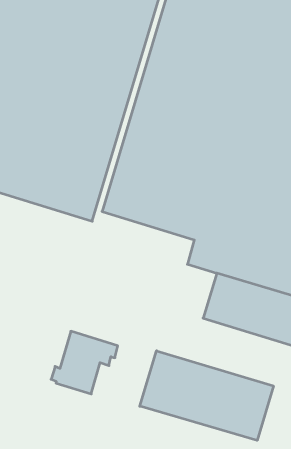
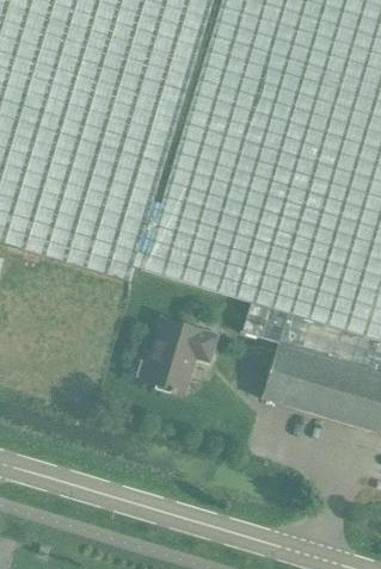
building: [51,331,118,394] -> [136,318,217,395]
building: [140,351,273,440] -> none

